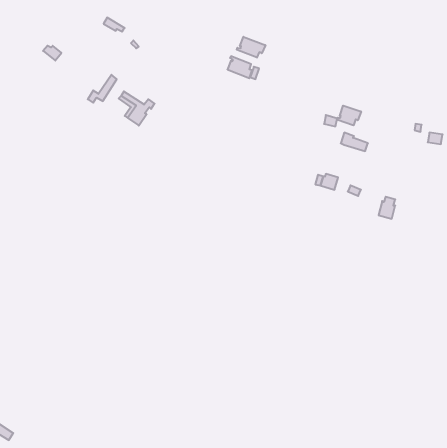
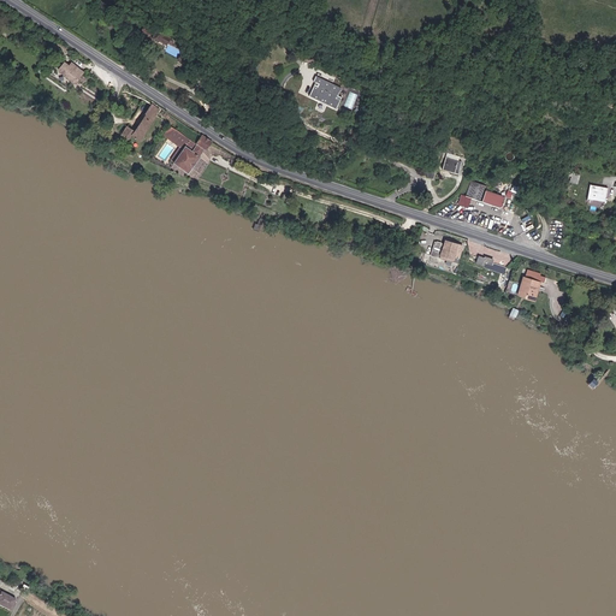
building: [237,37,265,58] -> none
building: [337,106,361,125] -> none

